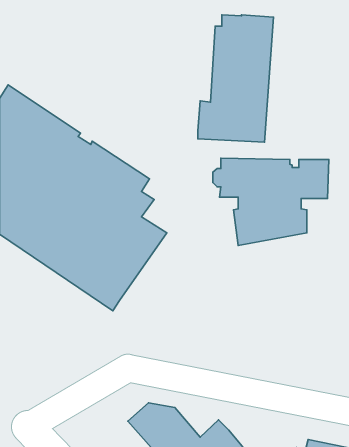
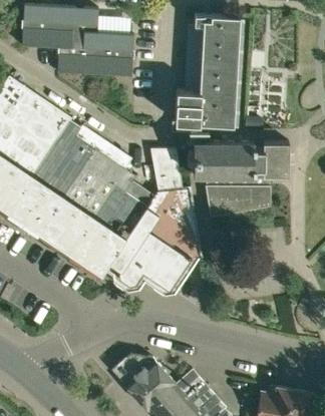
building: none -> [23,9,132,78]
building: none -> [105,148,201,291]

